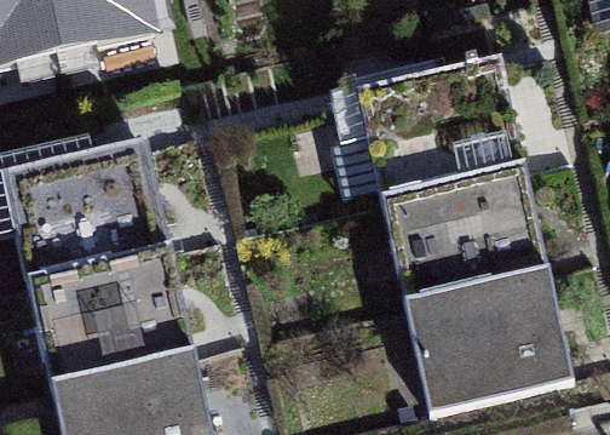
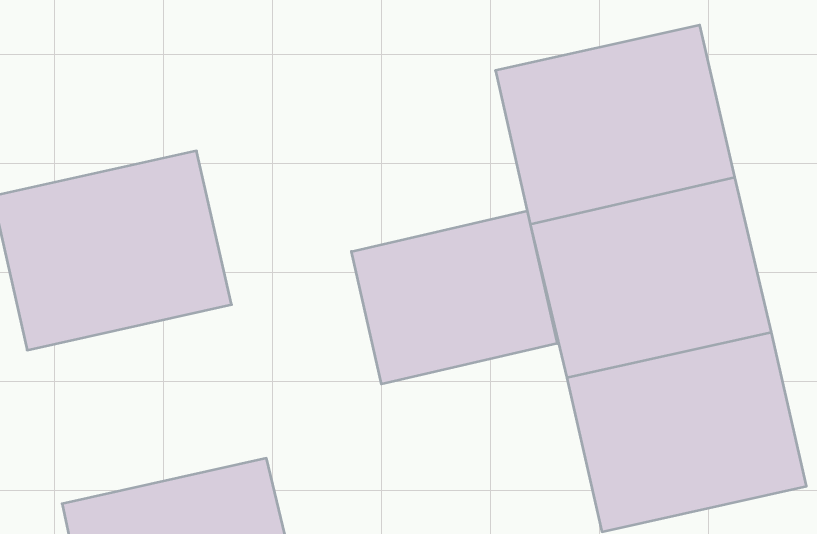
building: none -> [351,211,557,384]
building: [31,254,197,393] -> none

